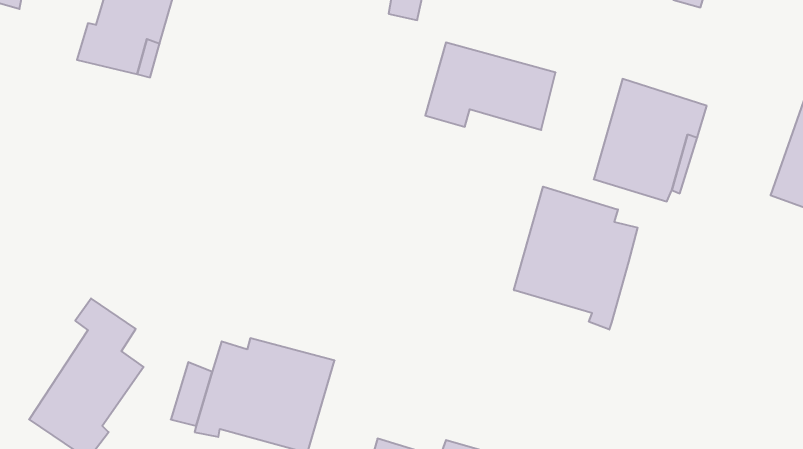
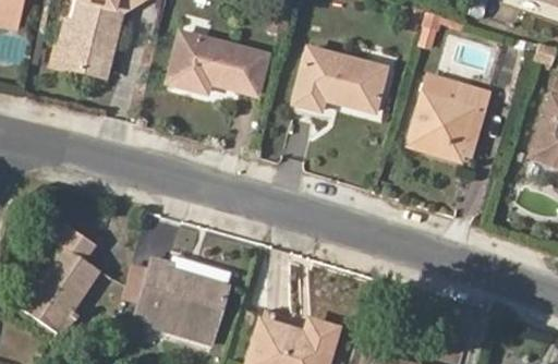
building: none -> [170,35,266,93]
building: [514,187,638,330] -> none

